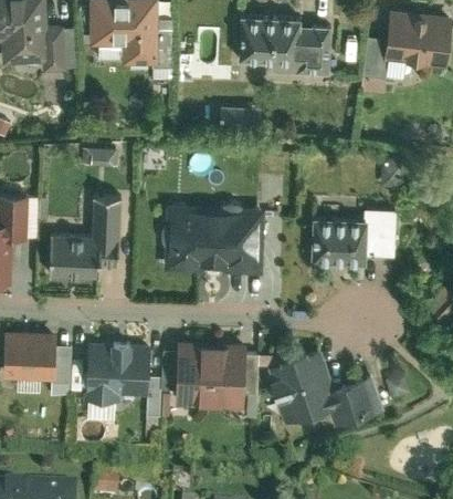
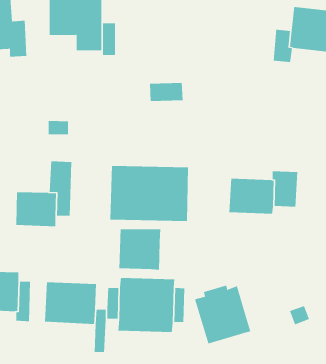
building: [239,18,330,73] -> none
building: none -> [119,228,161,270]
building: [329,377,381,426] -> none

